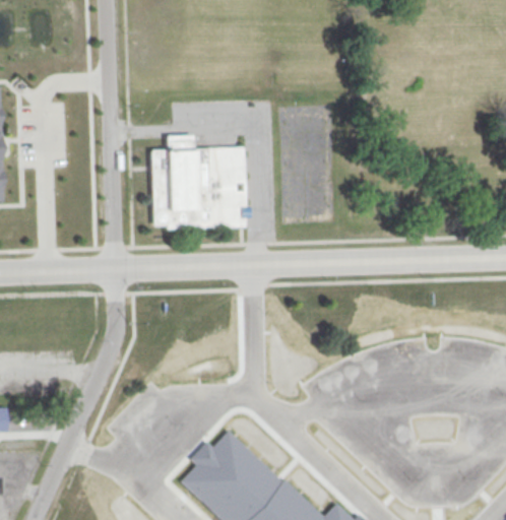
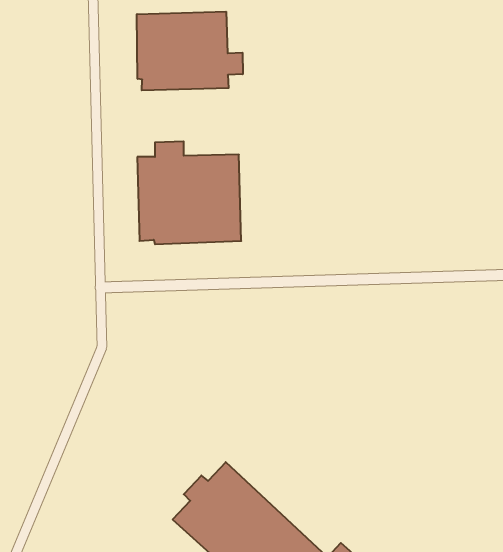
building: none -> [137,12,243,90]

